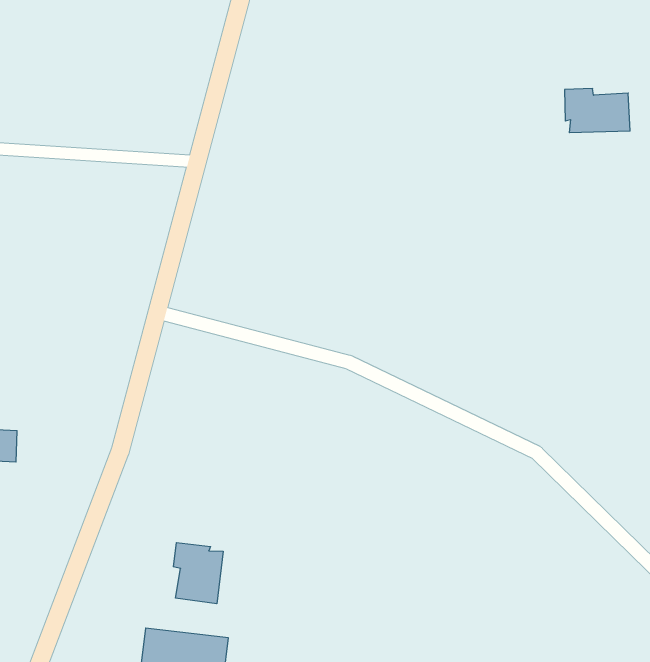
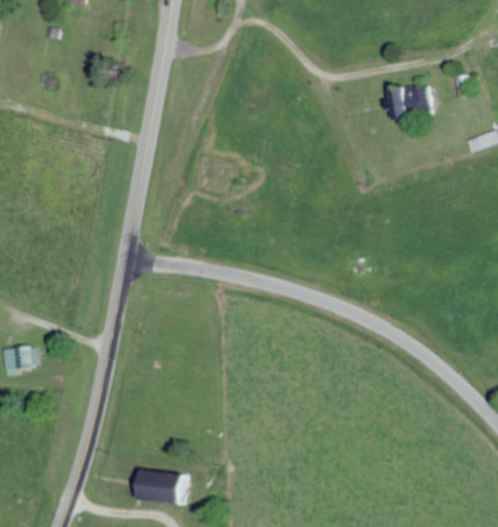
building: [173,543,223,604] -> none

